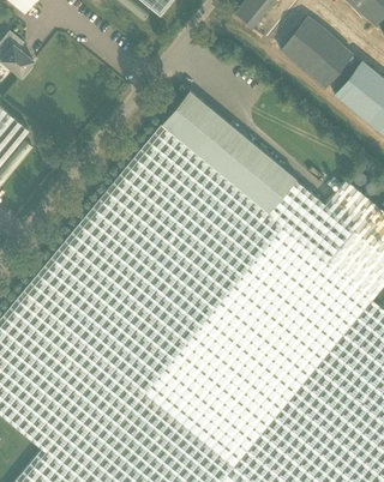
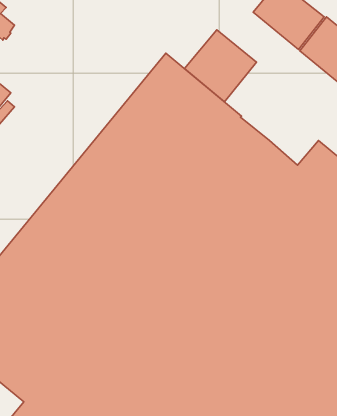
building: none -> [184,30,256,102]

